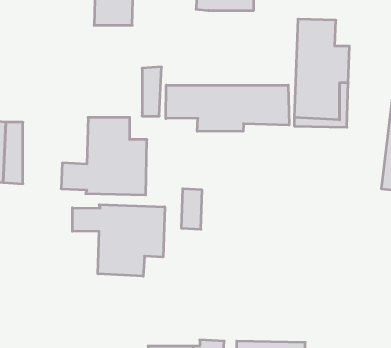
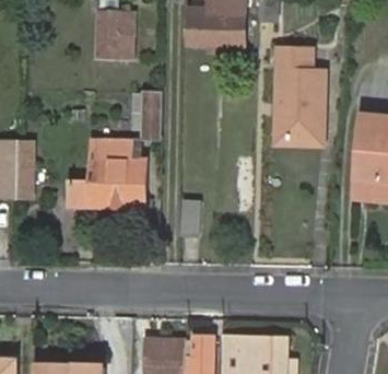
building: [166,85,289,131] -> none
building: [72,205,165,276] -> none

